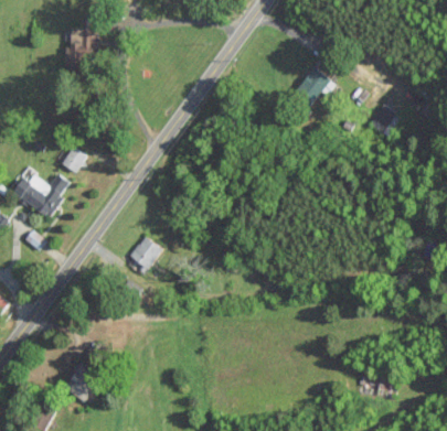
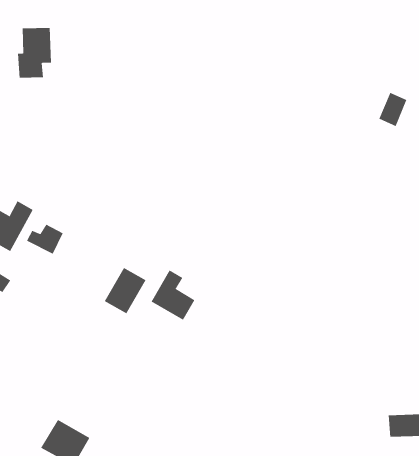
building: [296,67,330,103] -> none
building: [55,147,87,173] -> [26,224,63,255]
building: none -> [151,270,195,321]

